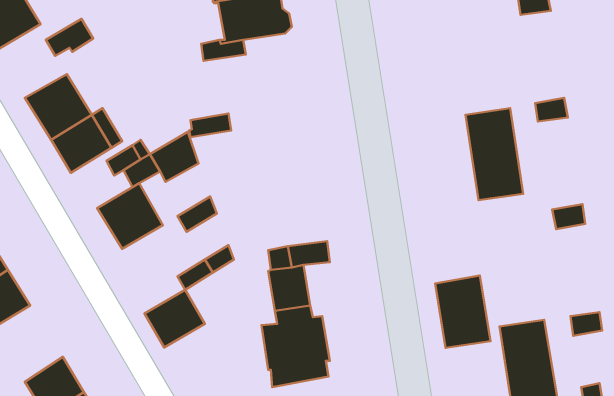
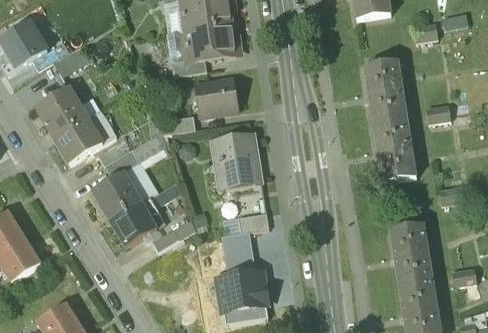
building: none -> [363,61,406,117]
building: none -> [194,80,236,117]
building: none -> [211,133,262,190]
building: [435,275,490,348] -> [390,223,432,278]
building: [144,290,205,348] -> [111,201,157,245]

